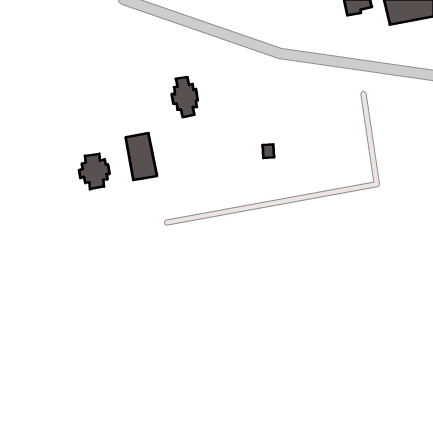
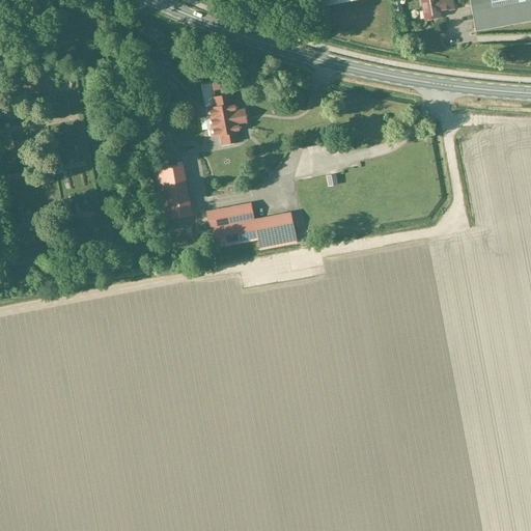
building: [79,154,109,189] -> none
building: none -> [207,202,298,248]

